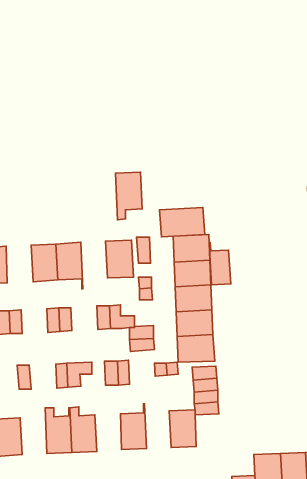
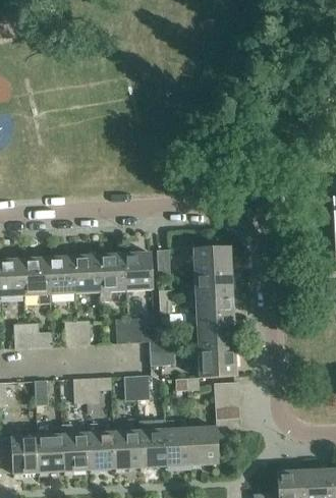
building: [115,172,142,220] -> [99,253,126,301]
building: [160,207,205,237] -> none
building: [209,243,231,285] -> none
building: none -> [22,257,50,303]
building: none -> [164,420,191,465]
building: none -> [37,424,64,472]
building: none -> [113,430,141,468]

